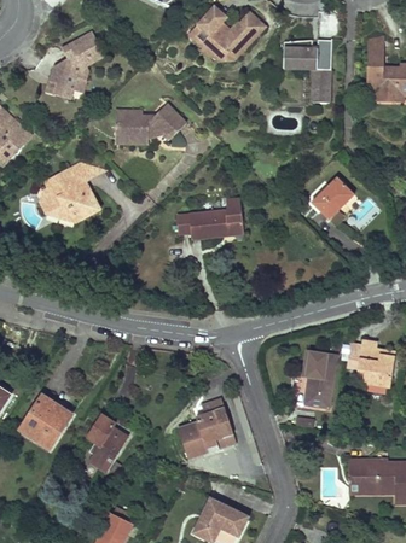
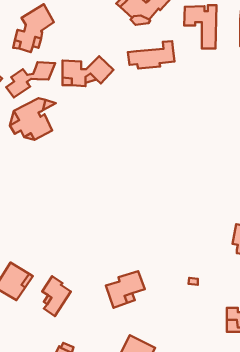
building: none -> [6,62,55,97]
building: [311,177,354,221] -> none
building: [178,199,244,238] -> [128,41,175,68]
building: [303,352,336,408] -> none

